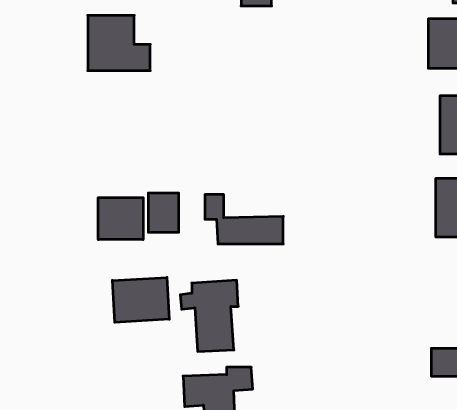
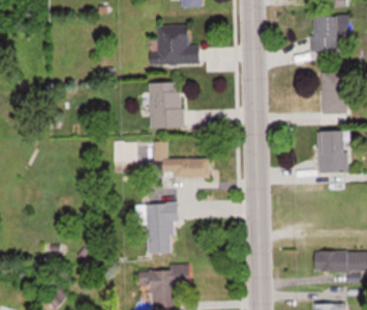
building: [88,15,150,71] -> [155,25,200,64]
building: none -> [148,83,183,128]
building: [98,198,143,240] -> none
building: [112,277,169,322] -> none

